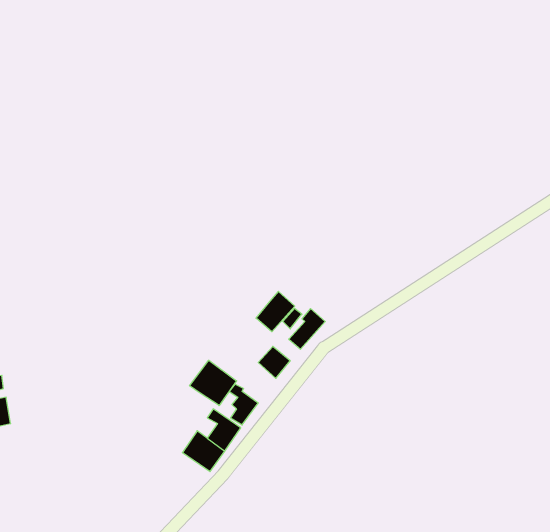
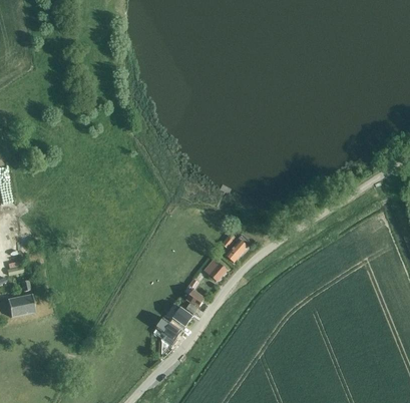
building: [256,291,295,332] -> none
building: [190,360,237,406] -> none

